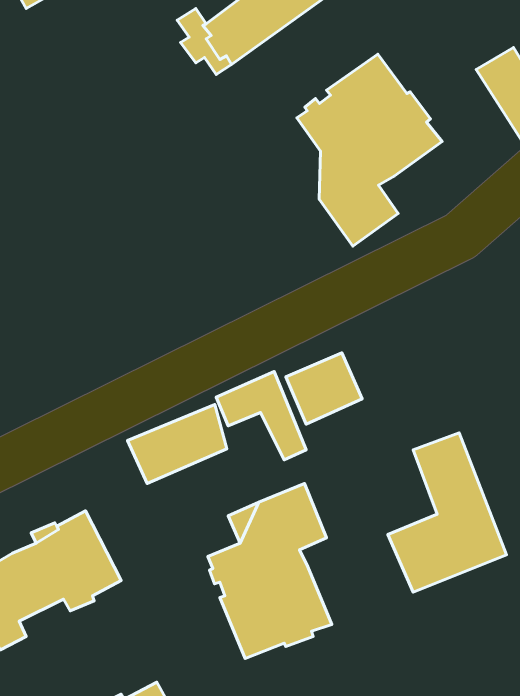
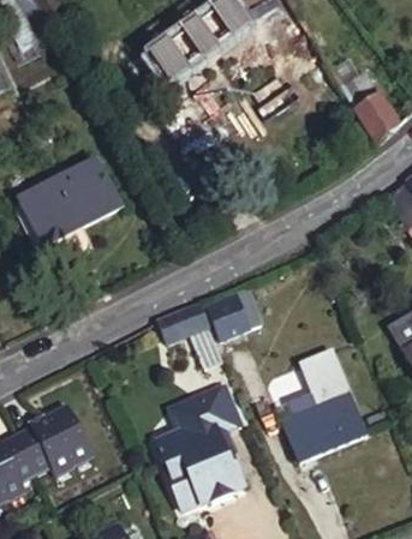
building: [297,54,442,246] -> none
building: none -> [19,163,115,244]
building: [127,404,227,484] -> none

